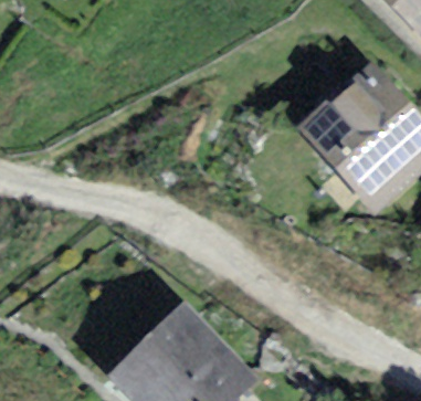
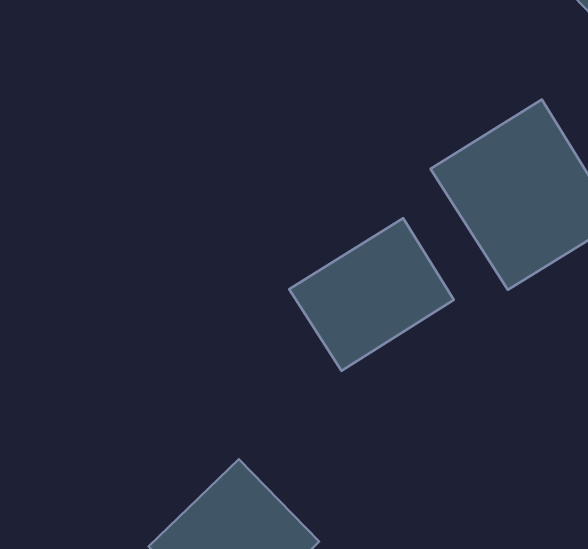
building: none -> [289,218,454,371]

